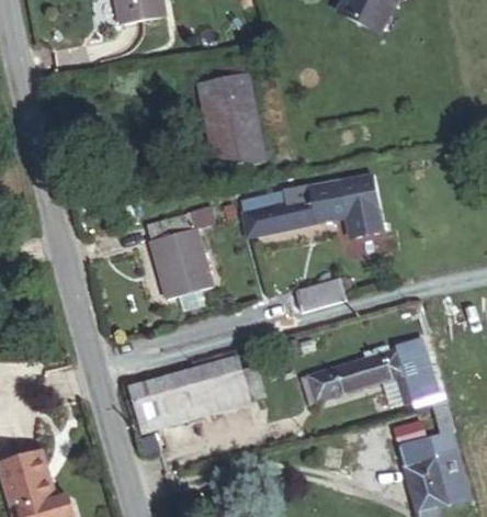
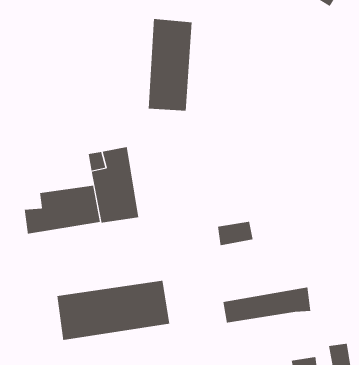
building: [239,171,382,233] -> none
building: none -> [24,185,100,235]
building: [390,340,432,395] -> none

